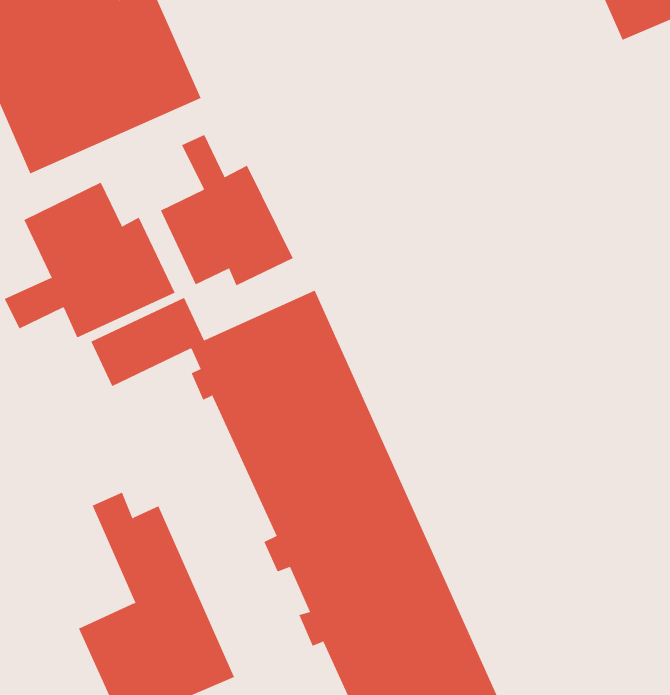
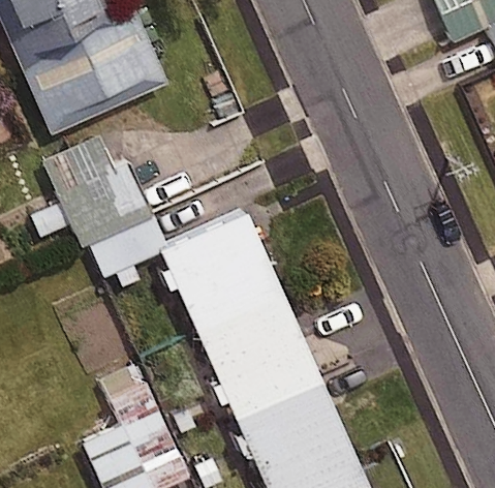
building: [160,134,293,286] -> none

